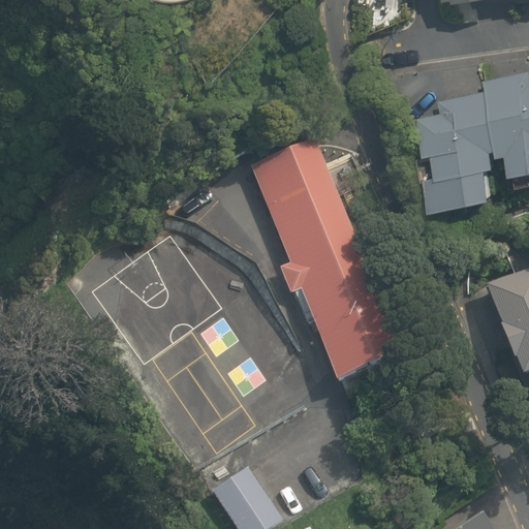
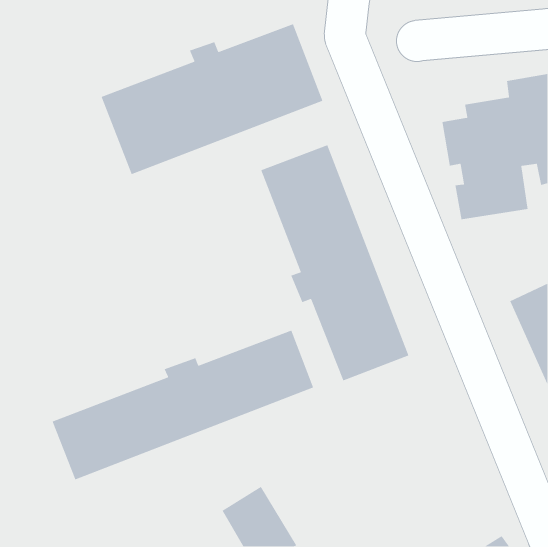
building: none -> [100,23,323,175]
building: none -> [52,329,314,480]

